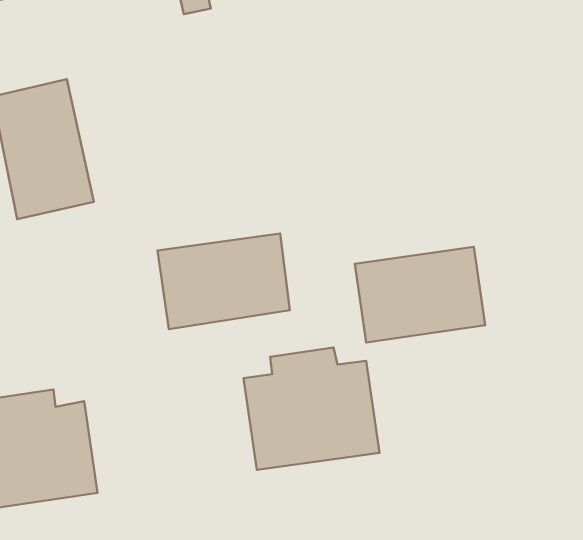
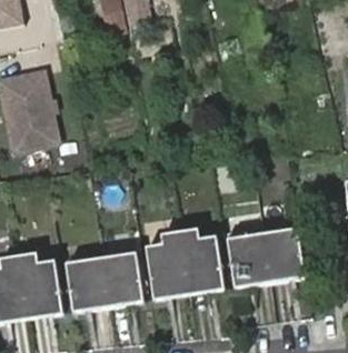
building: [157,233,290,329] -> [66,255,142,311]
building: [355,247,485,342] -> [229,231,305,286]

